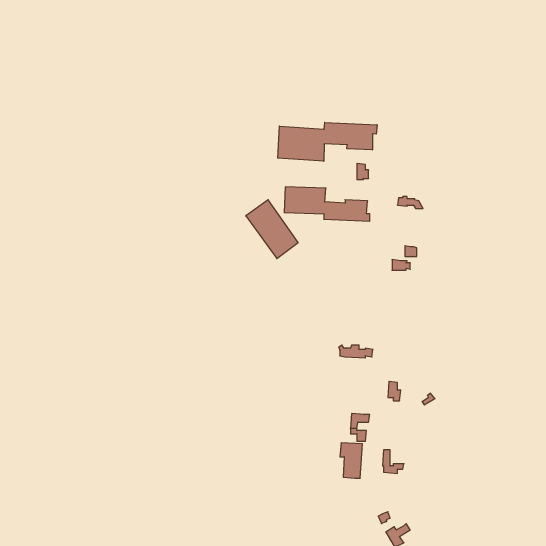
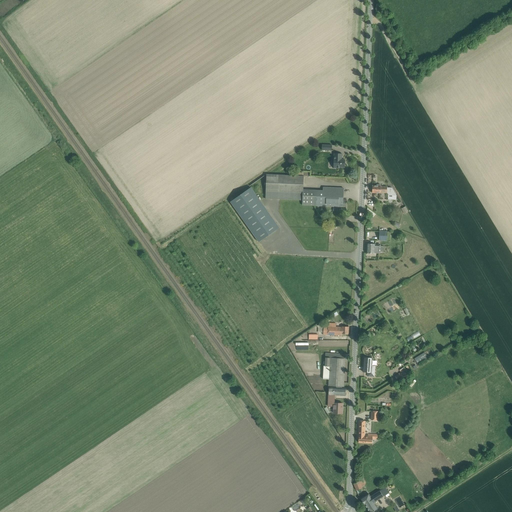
building: [278,122,377,161] -> none
building: [340,443,362,478] -> [325,353,346,386]

